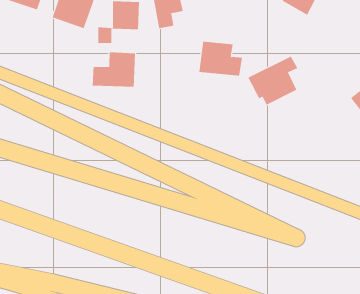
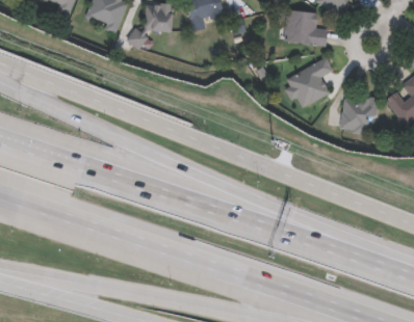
building: [198,41,243,76] -> [284,9,329,45]
building: [92,52,136,88] -> none
building: none -> [342,97,377,132]

